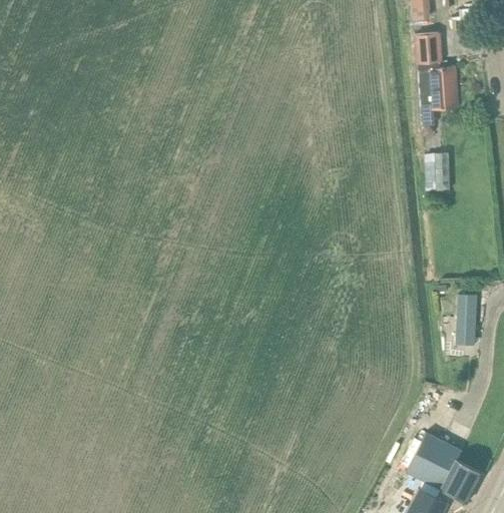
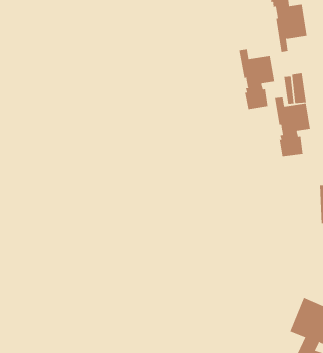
building: none -> [239,49,275,110]
building: none -> [275,96,310,157]

